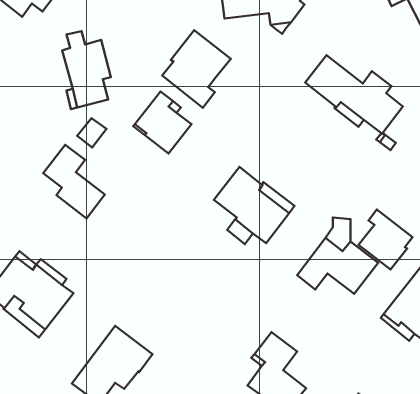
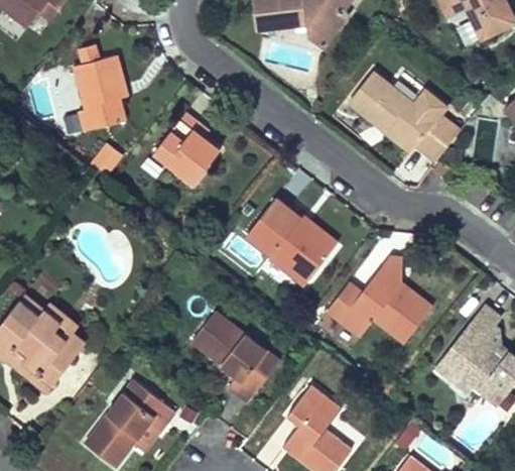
building: [162,30,231,108] -> none
building: [43,145,105,218] -> none
building: [359,209,413,270] -> none
building: none -> [190,311,279,401]

